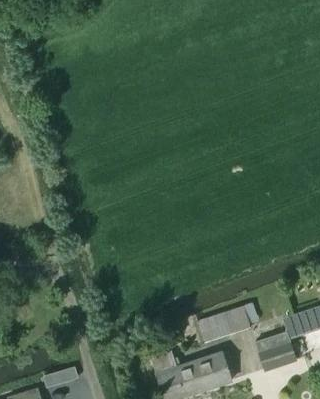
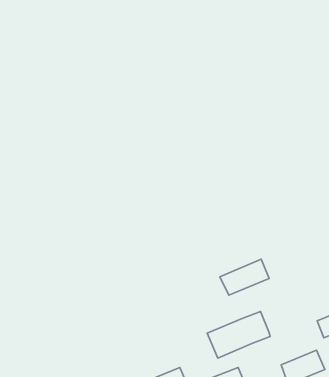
building: none -> [220,259,269,295]

